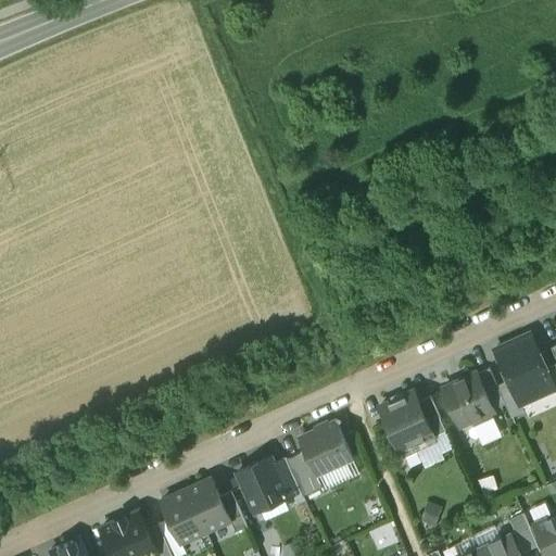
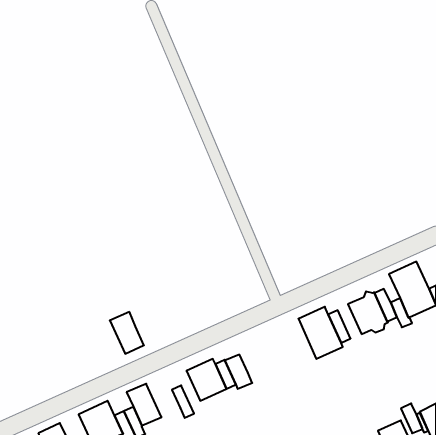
building: [299,422,352,476] -> none
building: [186,479,229,532] -> [110,312,144,354]

